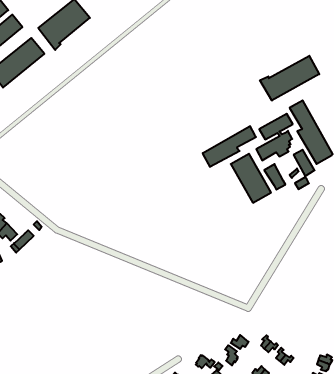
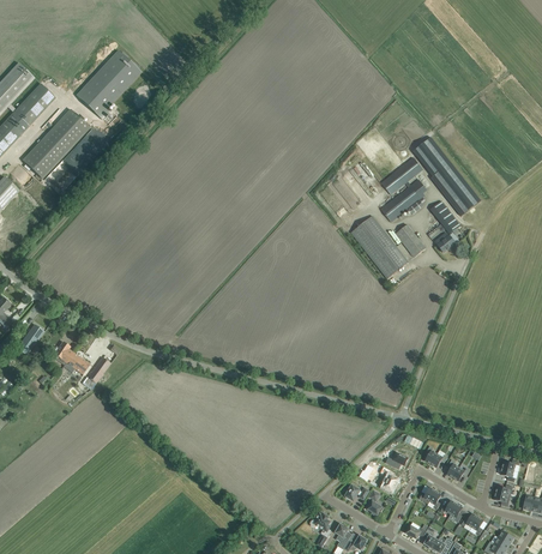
building: [260,56,319,101] -> none
building: [203,126,256,167] -> none

